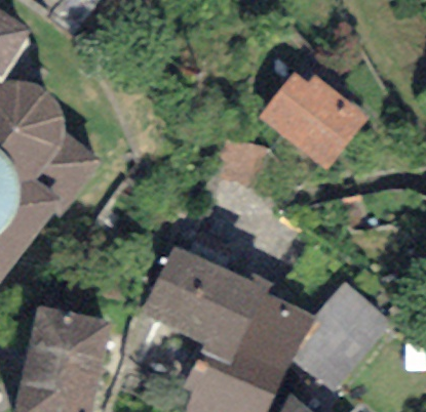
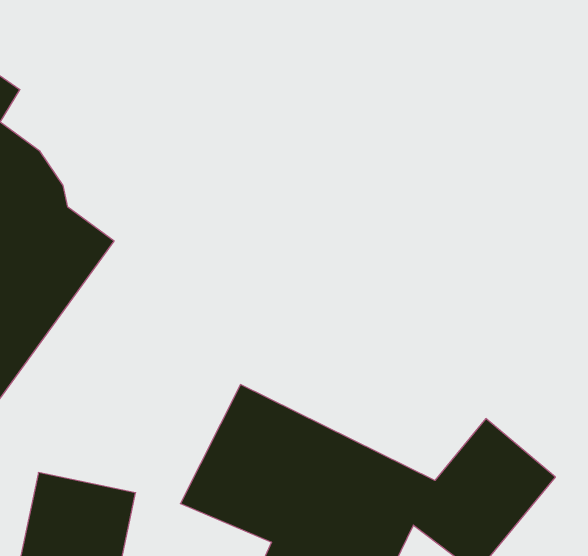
building: [267,71,358,159] -> none

